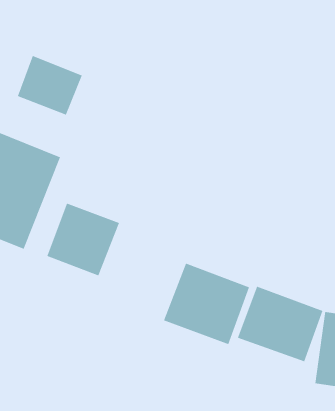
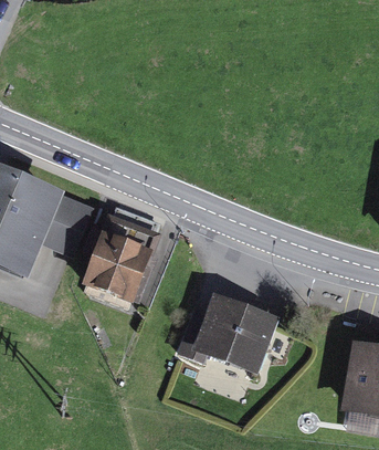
building: [17,55,82,116] -> none
building: [237,286,323,362] -> none

